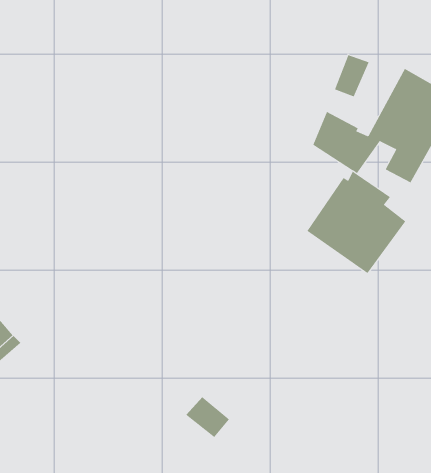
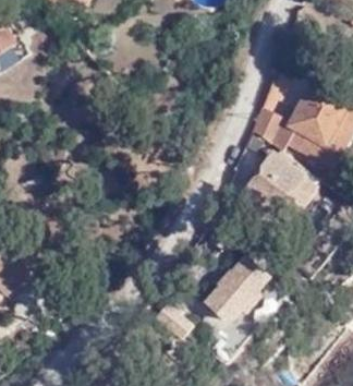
building: none -> [207,262,265,324]

